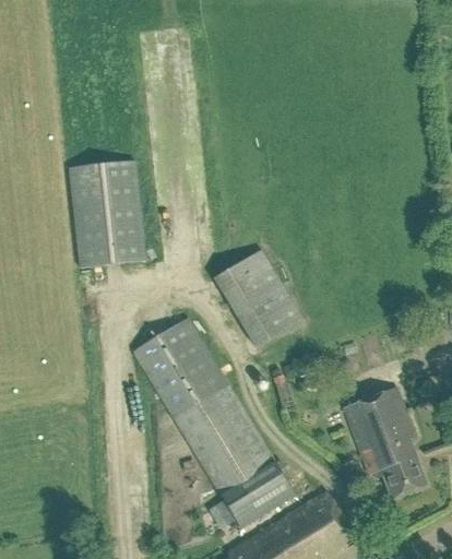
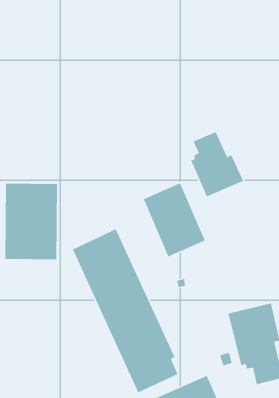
building: [68,159,146,265] -> [4,183,58,260]
building: none -> [190,131,244,198]

